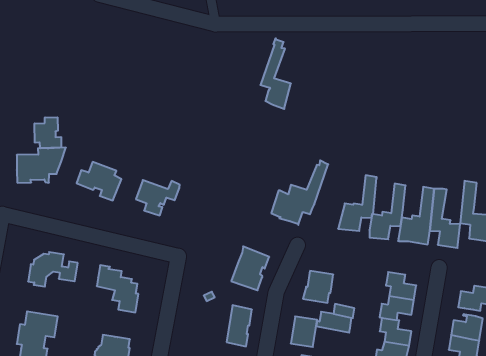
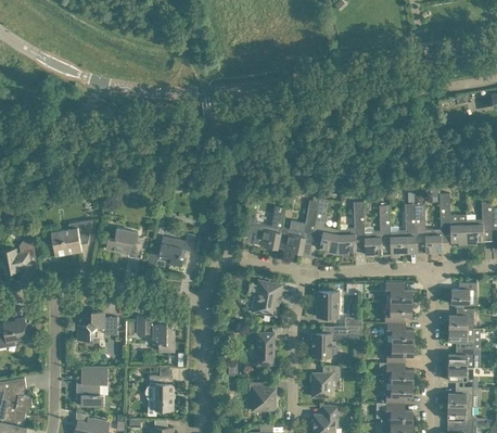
building: [260,38,291,109] -> [313,192,339,252]
building: [35,117,61,148] -> none
building: none -> [246,206,284,249]

